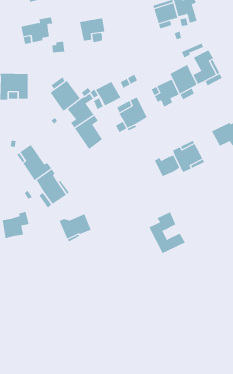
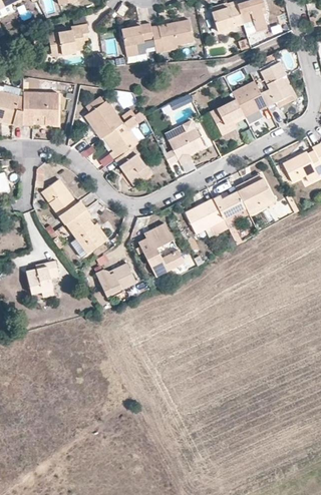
building: none -> [150,20,193,53]
building: [95,81,121,106] -> none
building: none -> [186,198,223,232]
building: [148,212,186,254] -> [137,222,184,275]

